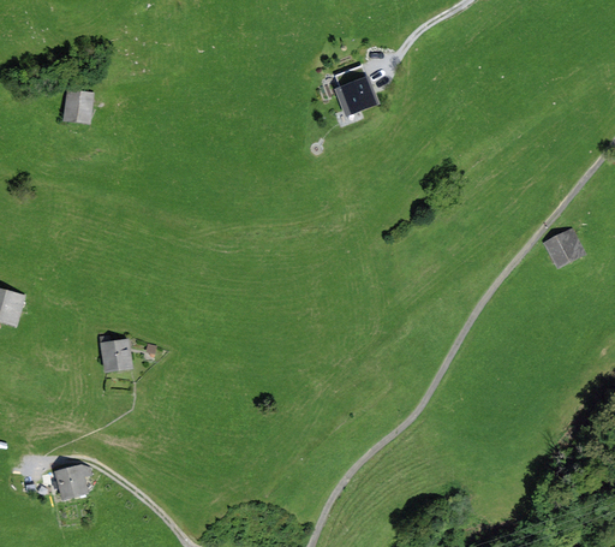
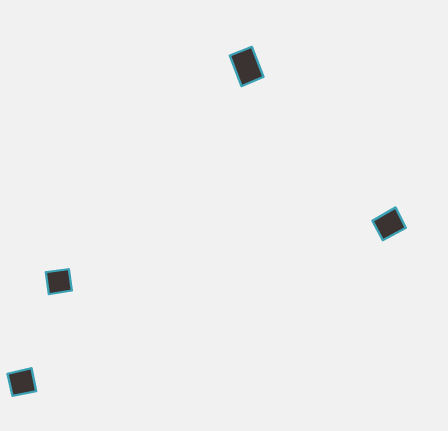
building: [64,90,95,124] -> none
building: [545,226,587,267] -> [372,208,406,240]

